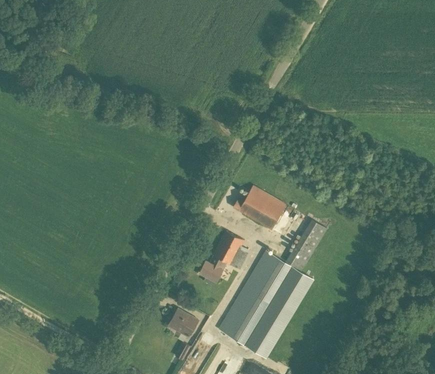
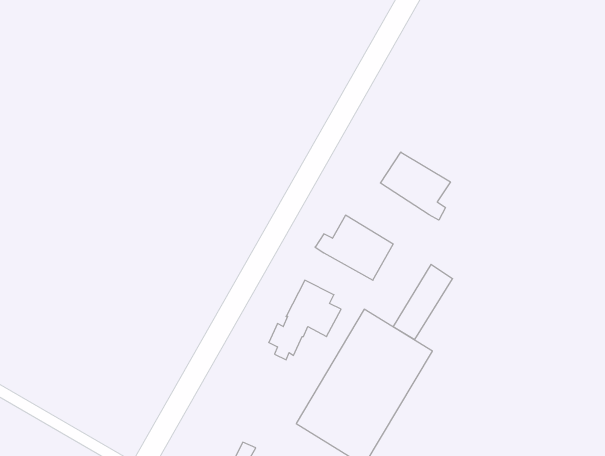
building: none -> [380,152,450,220]
building: [167,308,197,337] -> none

